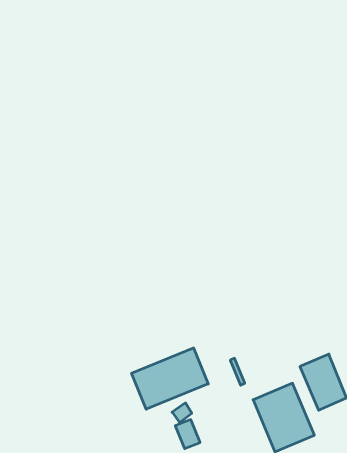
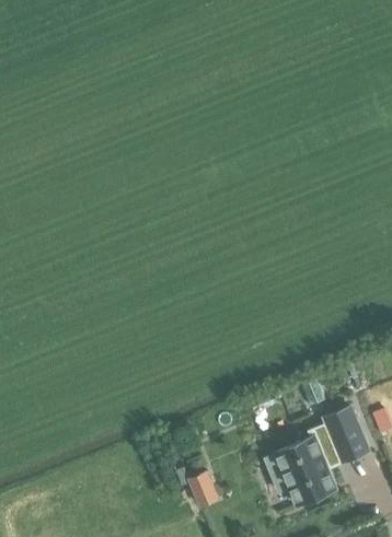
building: [132,348,208,409] -> none

